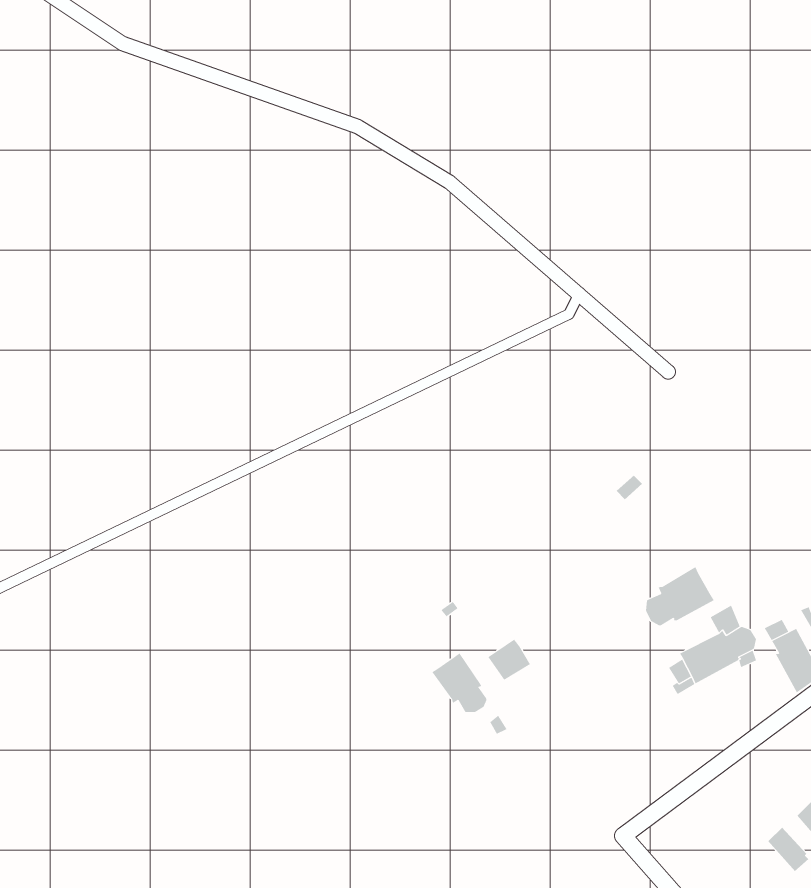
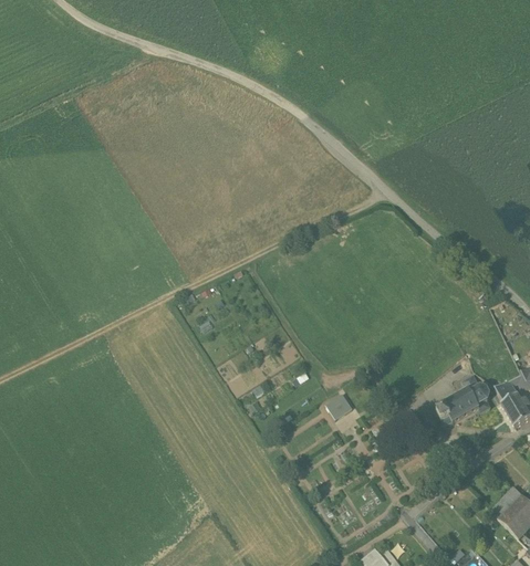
building: [646,566,714,626] -> none
building: [431,653,487,713] -> none

